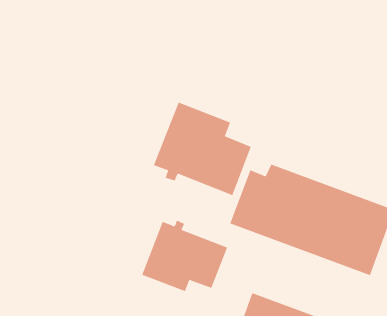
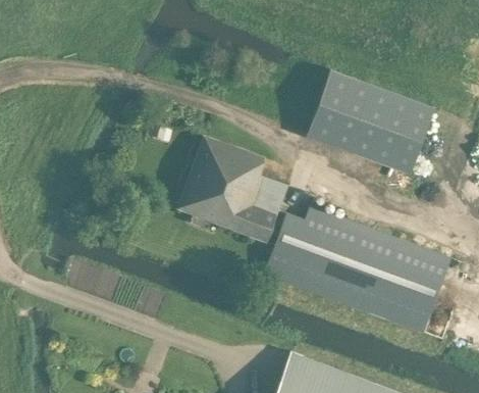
building: none -> [306,77,434,179]
building: [141,220,228,292] -> none

